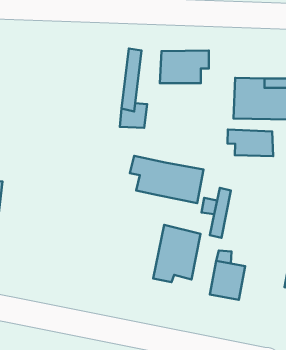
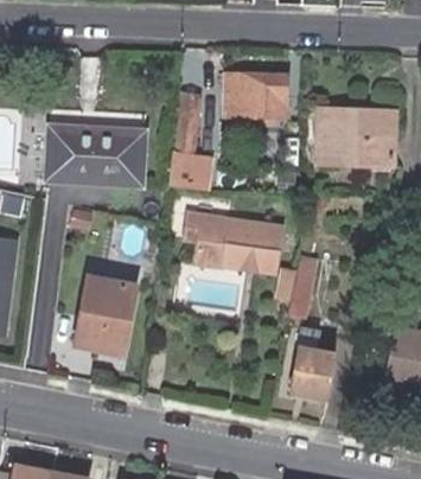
building: none -> [49,122,145,179]
building: [227,129,273,156] -> none
building: [153,225,201,282] -> [76,275,138,350]

